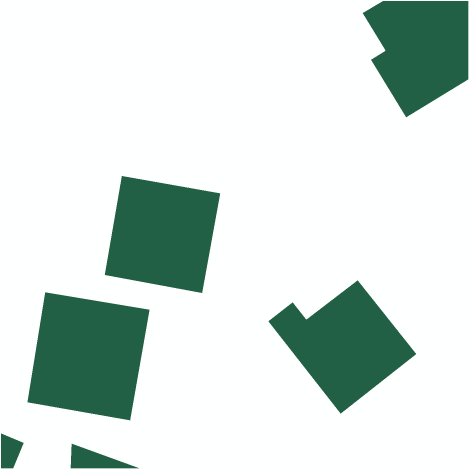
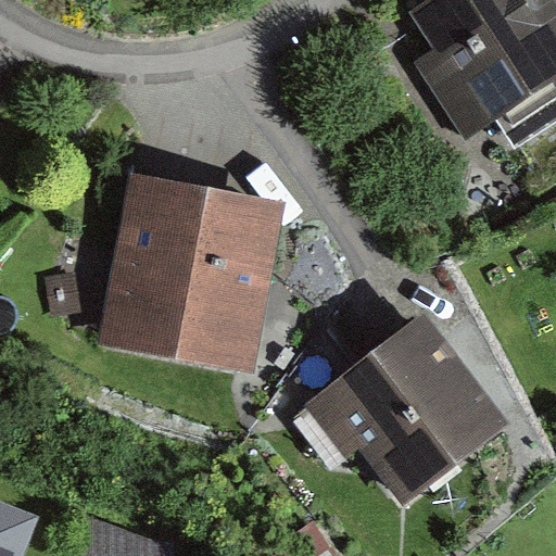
building: [26,292,150,421] -> none

